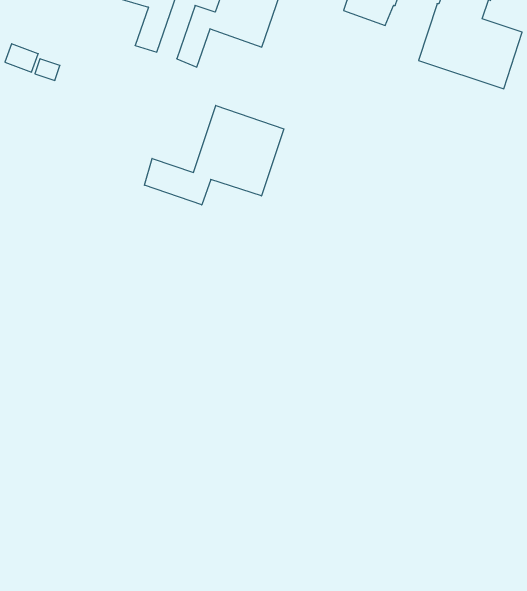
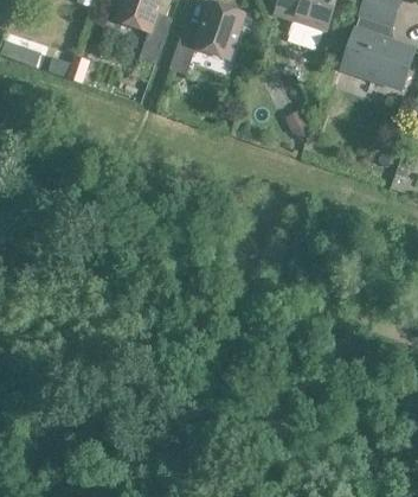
building: [144,105,284,205] -> none

